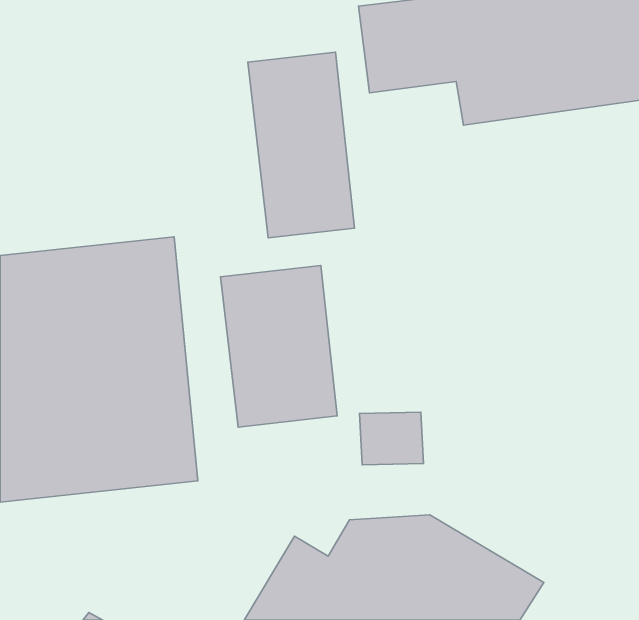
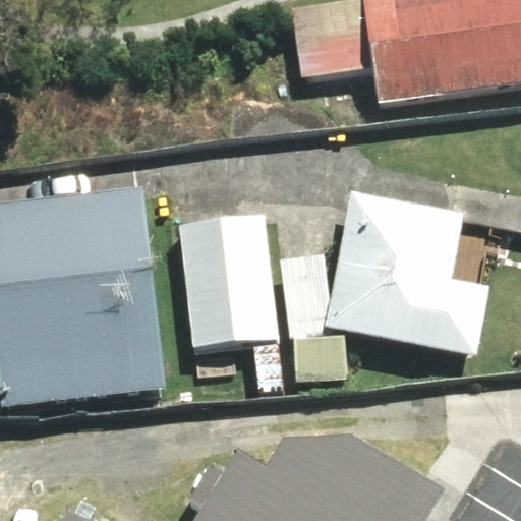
building: [248,52,355,238] -> none
building: none -> [325,193,487,356]

